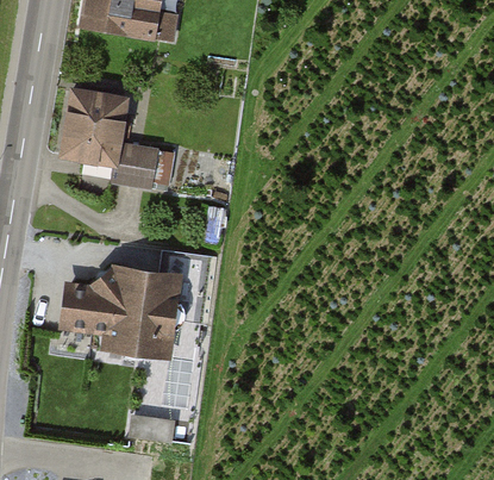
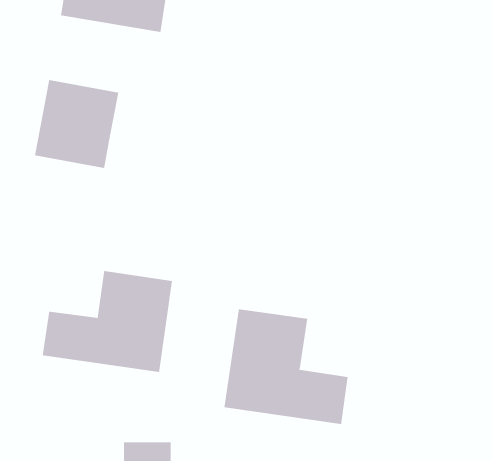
building: [119,142,161,183] -> none
building: none -> [224,309,348,425]

